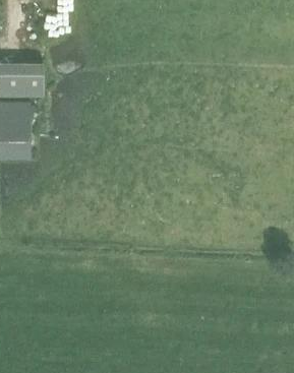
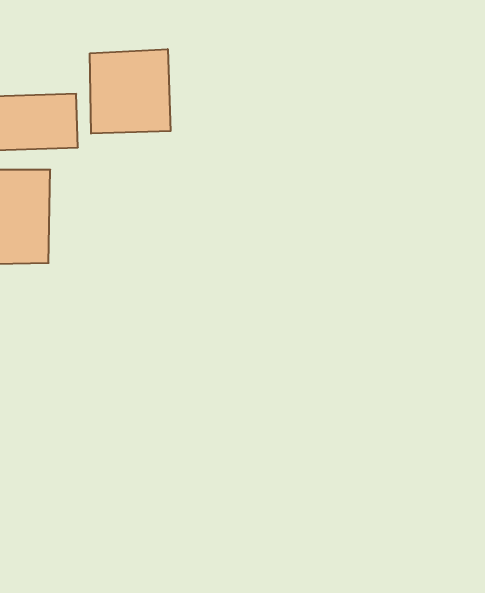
building: none -> [90,49,171,134]

